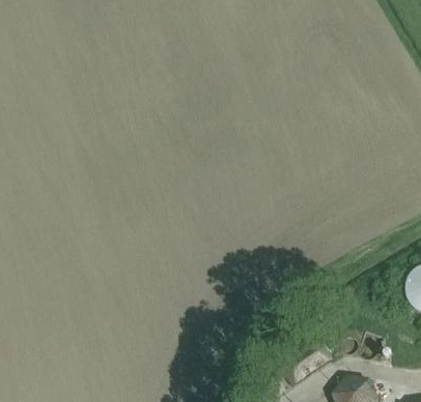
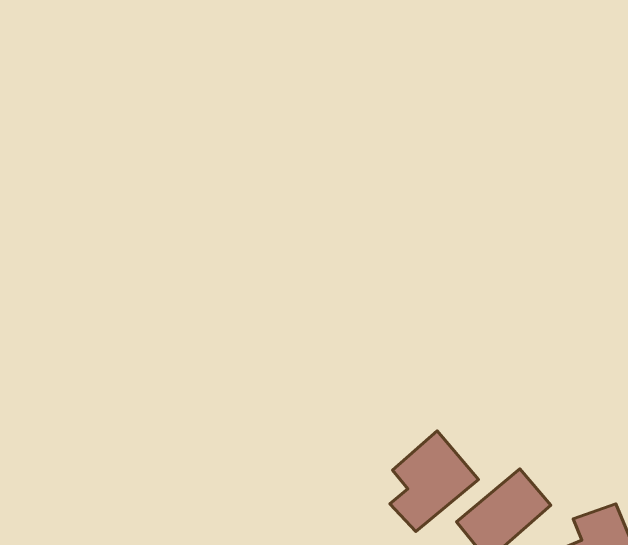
building: none -> [390,431,479,532]

